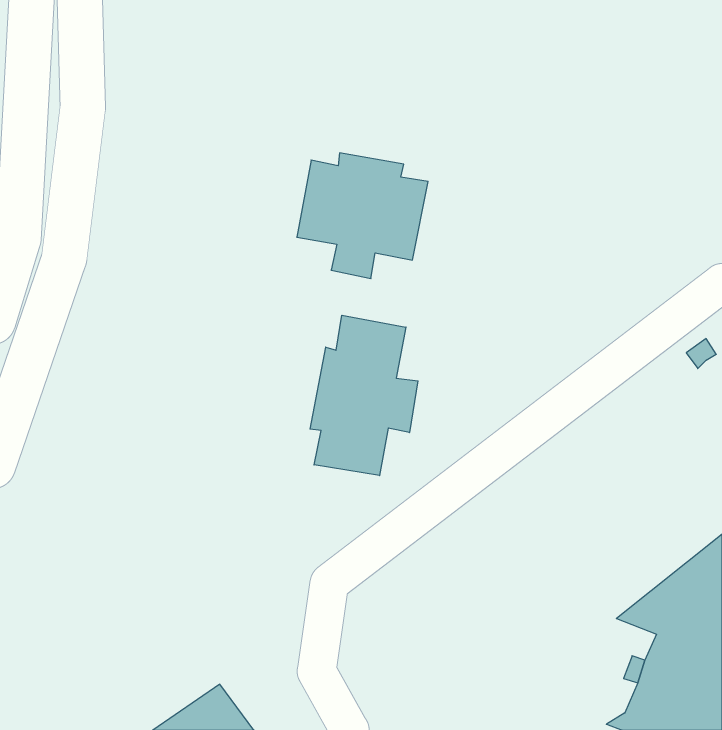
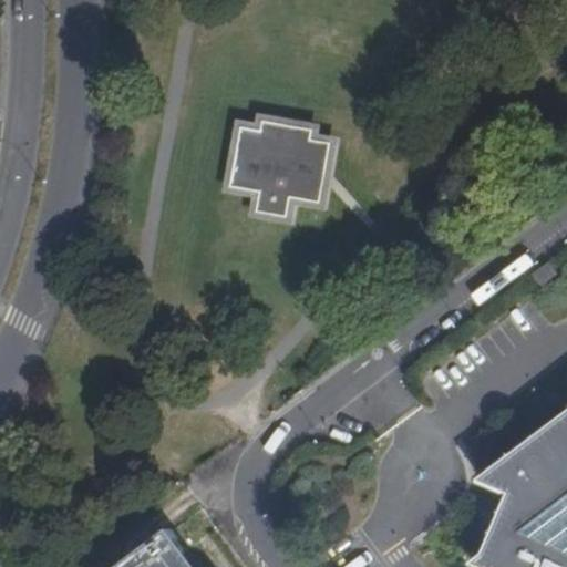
building: [310,315,418,476] -> none

